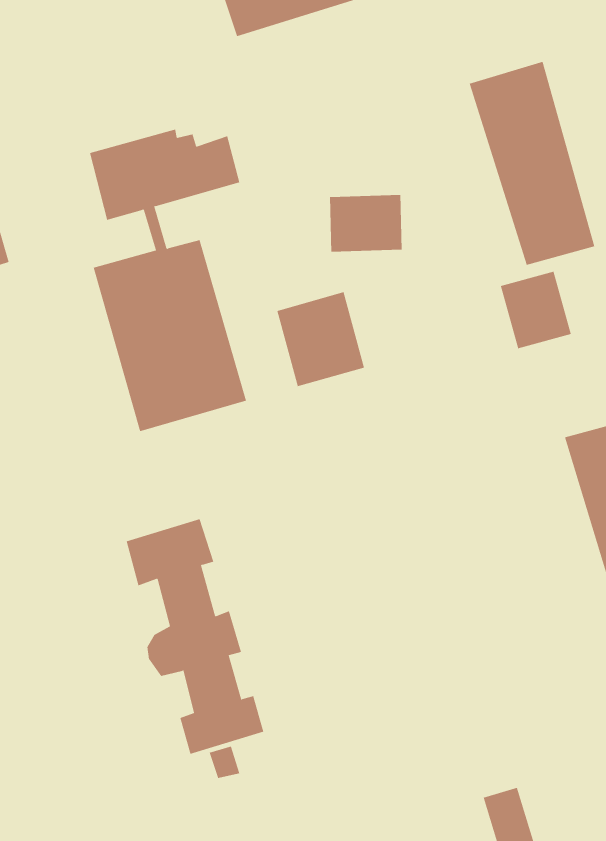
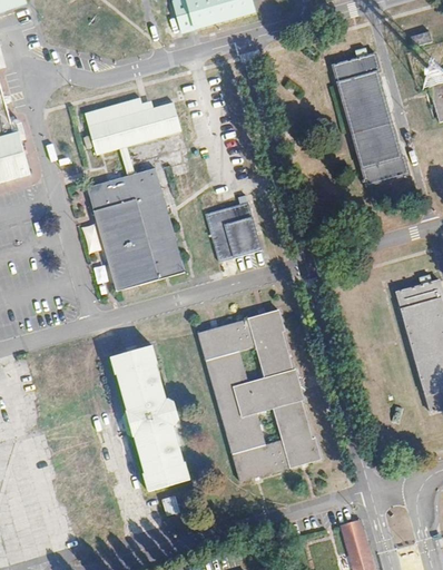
building: [329,194,402,252] -> none
building: [500,271,572,349] -> none
building: none -> [196,308,327,490]

